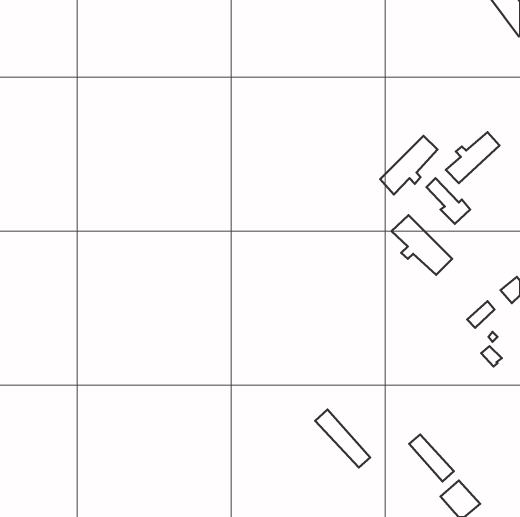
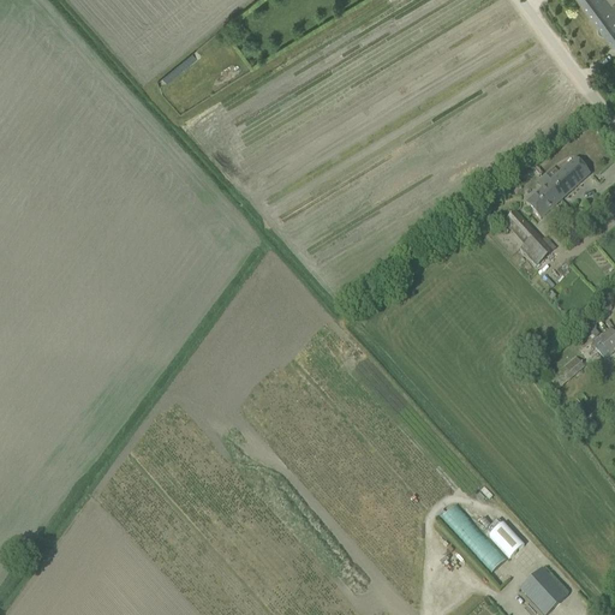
building: [380,136,438,194] -> none
building: [391,215,452,275] -> none
building: [315,410,370,468] -> [441,502,506,571]

